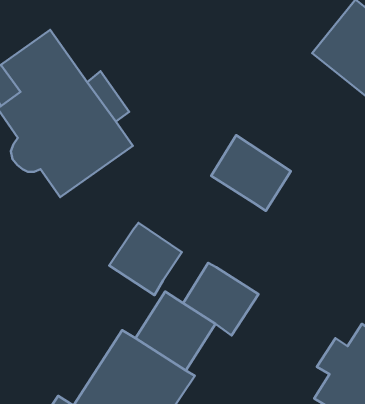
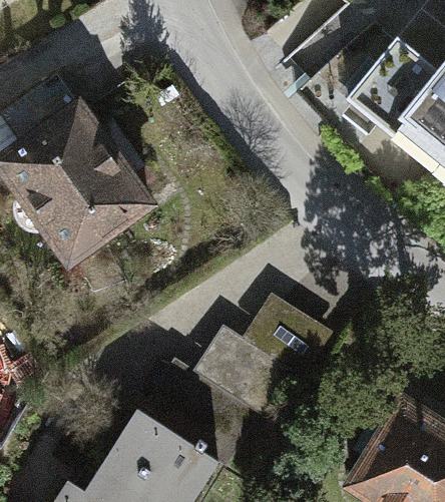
building: [211,135,291,211] -> [243,295,332,379]
building: [109,223,182,295] -> none

